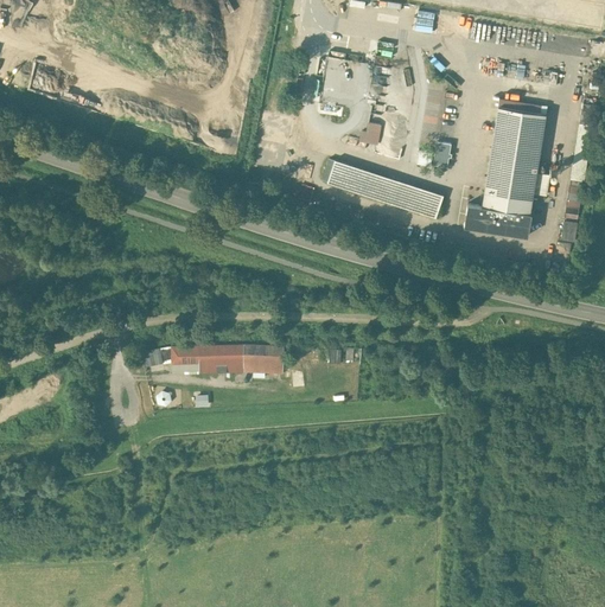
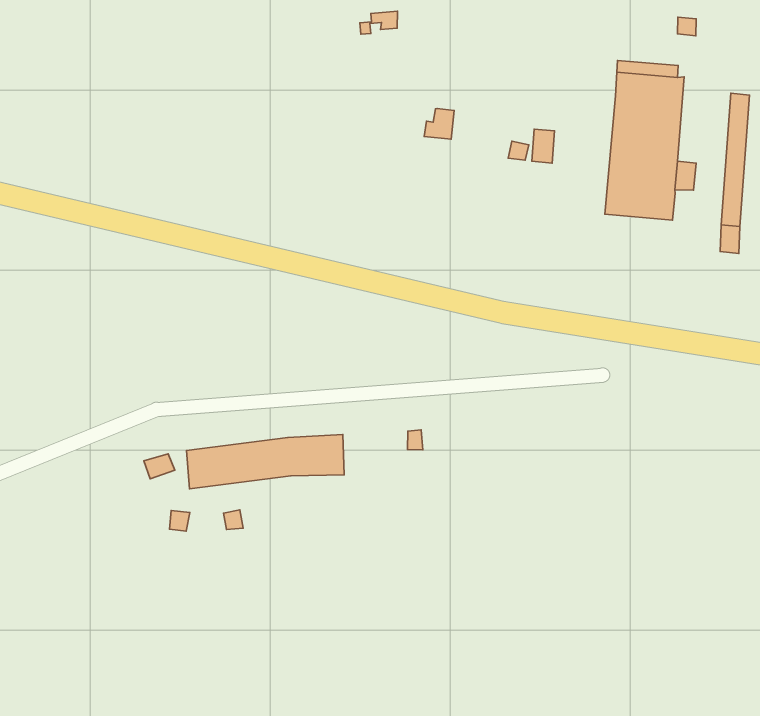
building: [327,159,442,218] -> none
building: [464,204,531,237] -> none

